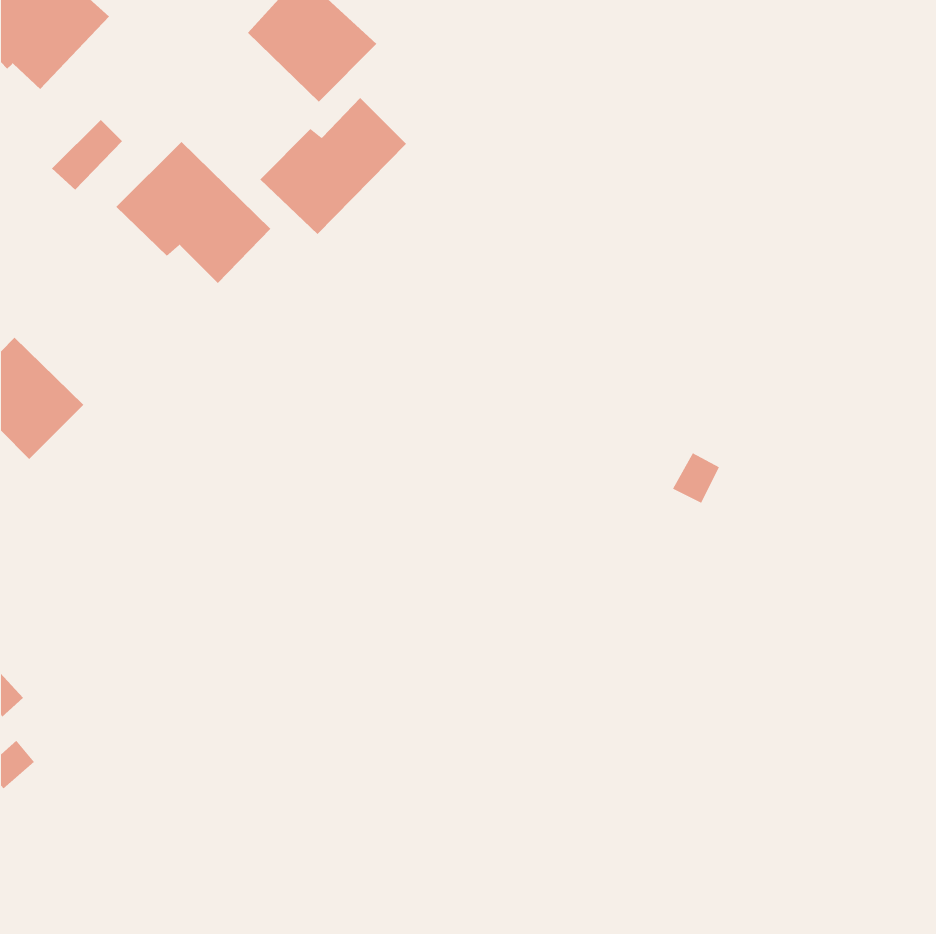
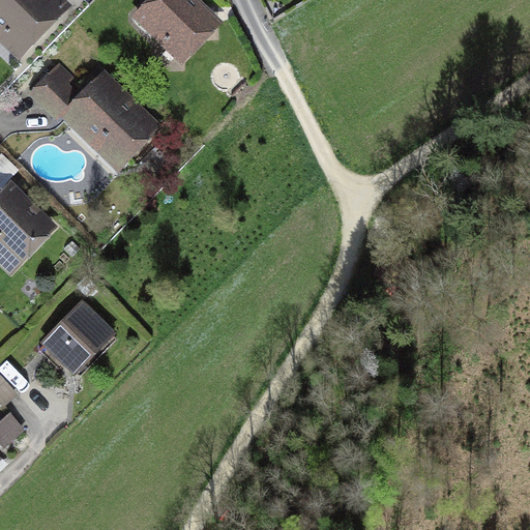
building: [260,97,407,235] -> none
building: none -> [43,306,107,370]

